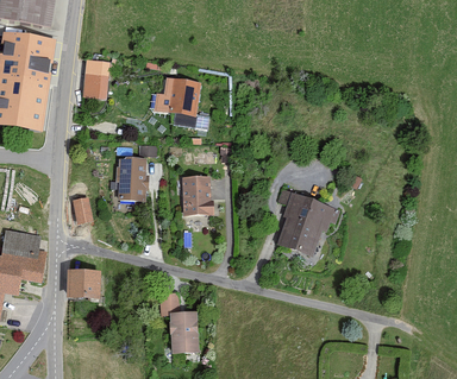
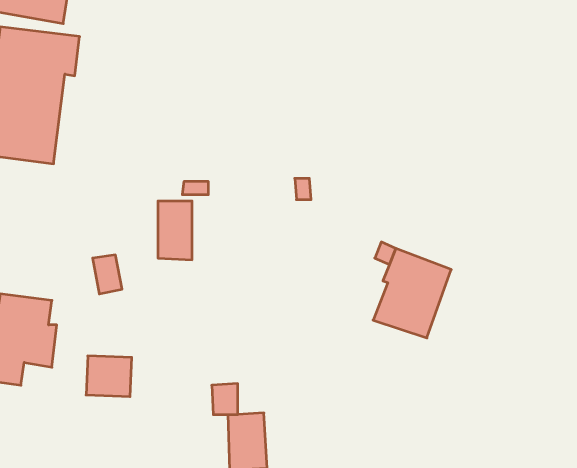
building: [80,58,107,99] -> none
building: [154,78,199,116] -> none
building: [182,177,214,216] -> none

